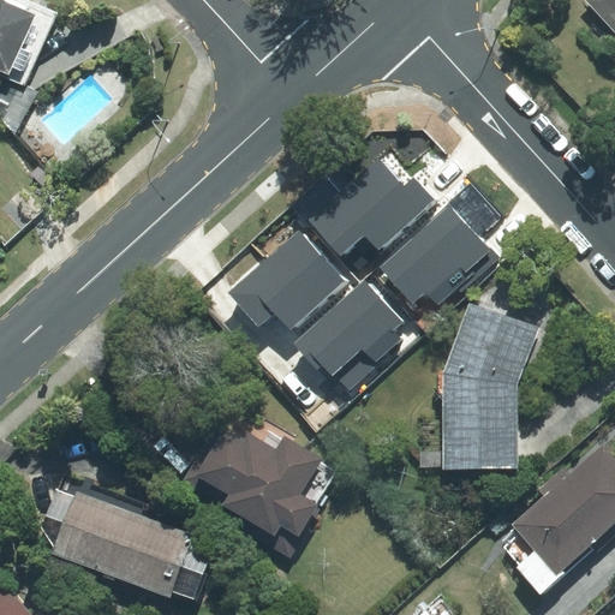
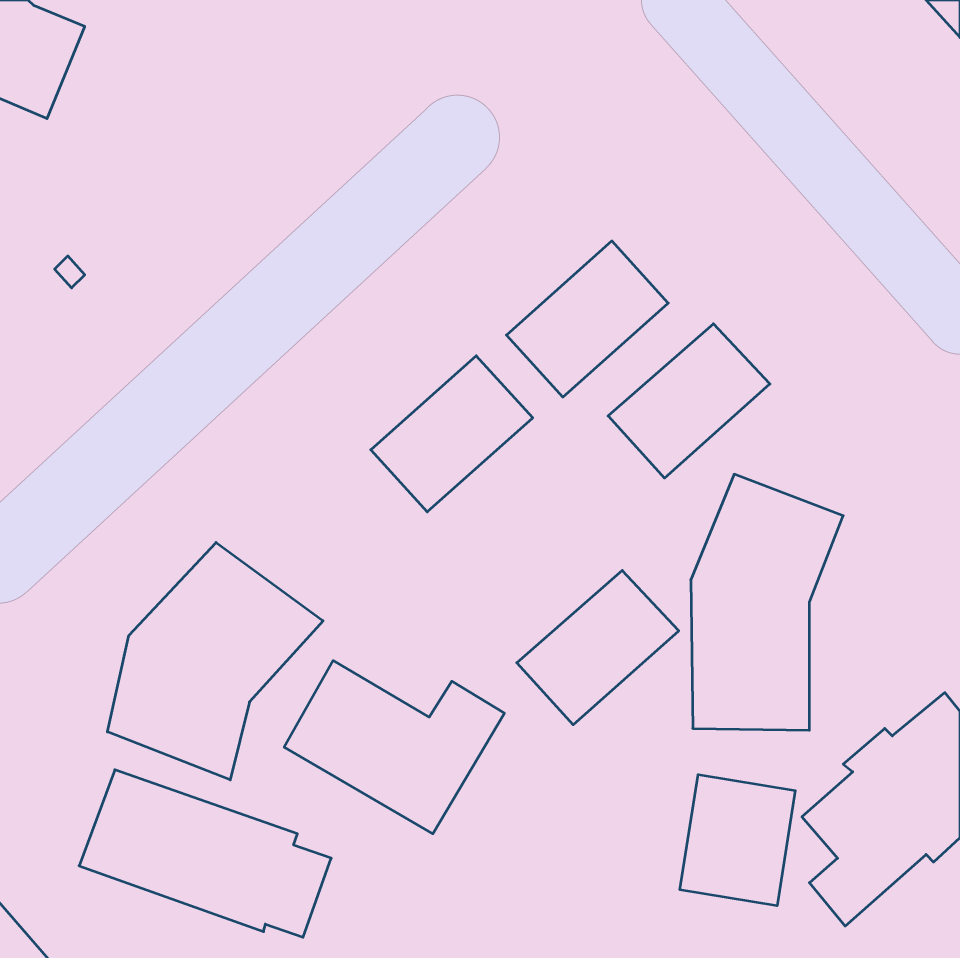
building: [303,281,406,380] -> [517,570,679,725]
building: none -> [107,542,323,780]
building: none -> [680,775,795,906]

